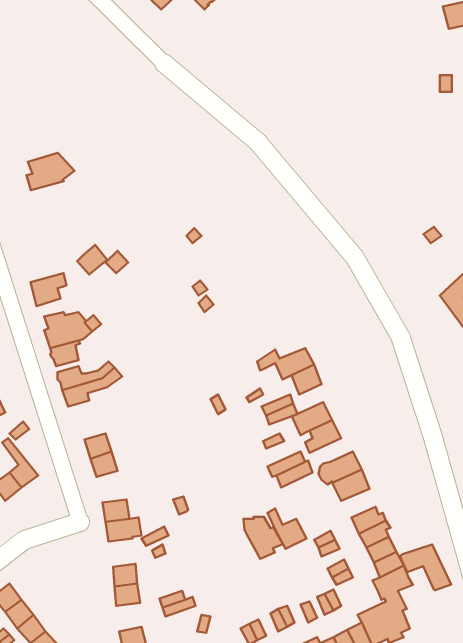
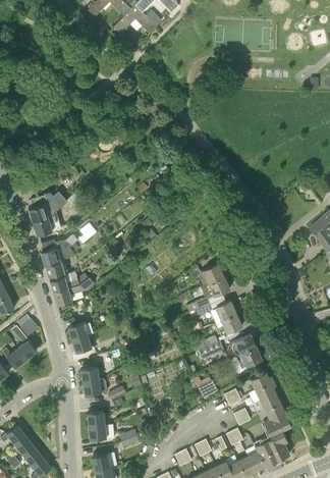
building: [26,153,74,190] -> [29,194,61,219]
building: [243,517,283,559] -> none
building: [400,544,451,590] -> none

